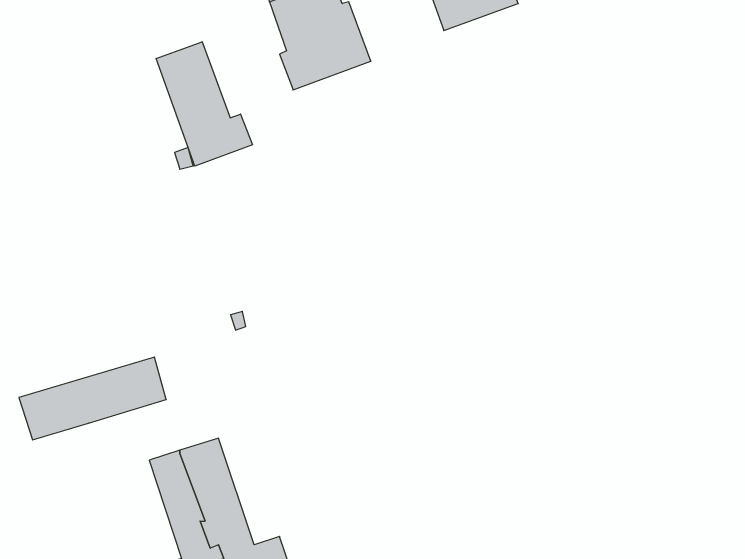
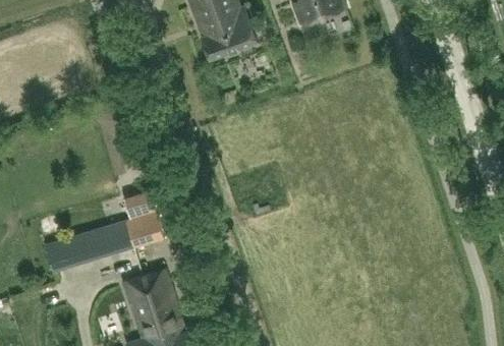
building: [156,42,252,166] -> none
building: none -> [124,190,165,246]

